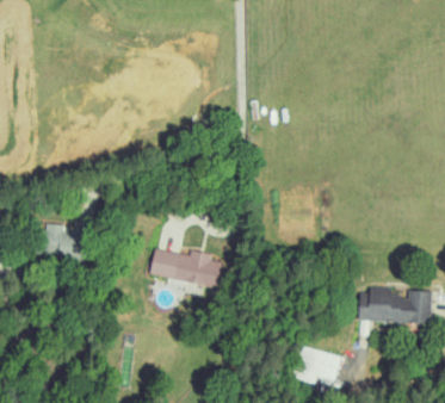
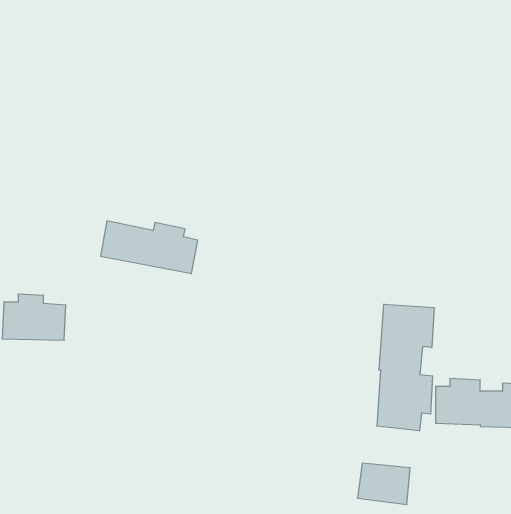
building: none -> [377,304,434,431]
building: [149,248,222,287] -> [101,221,198,274]

